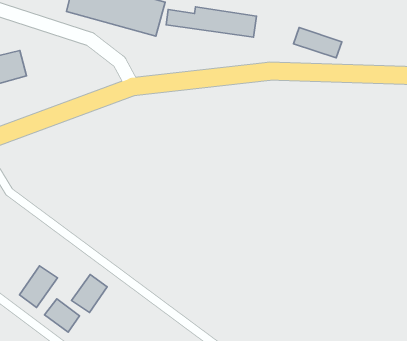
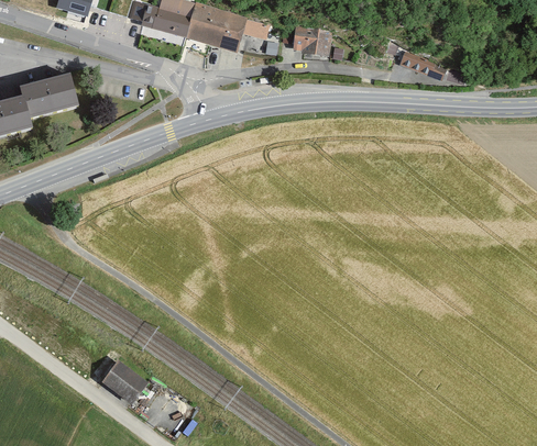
building: [19,266,58,307] -> none
building: [72,274,107,312] -> none

